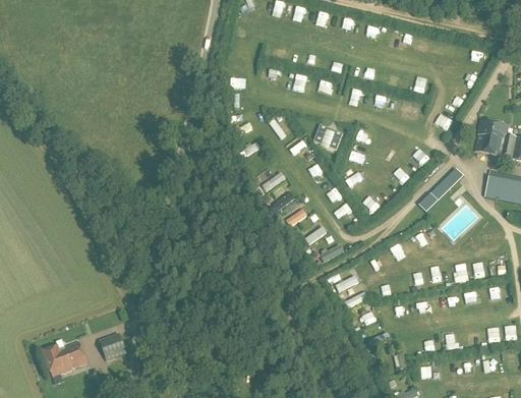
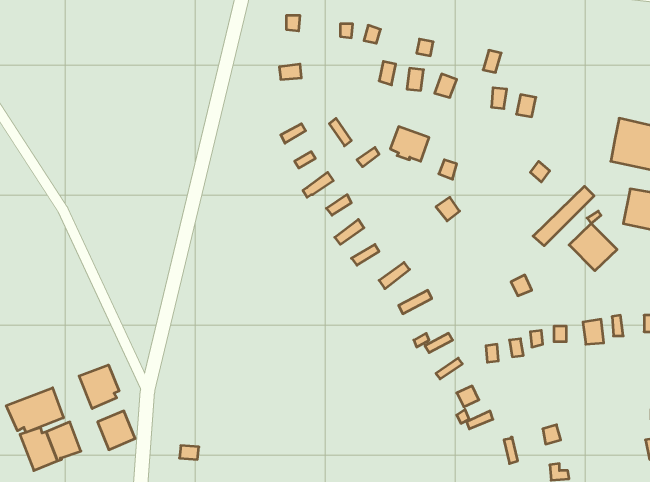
building: none -> [569,224,617,271]
building: none -> [79,365,119,409]
building: none -> [6,388,63,432]

